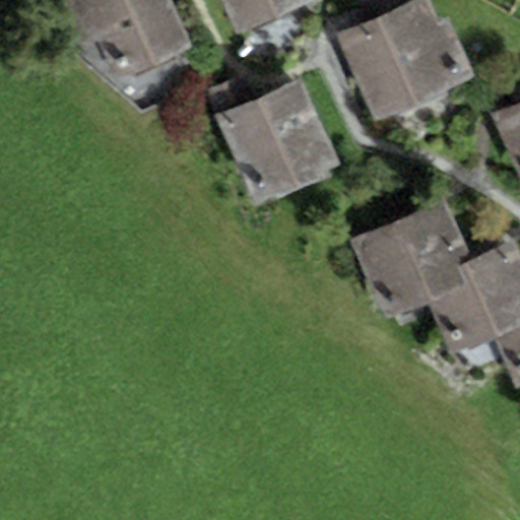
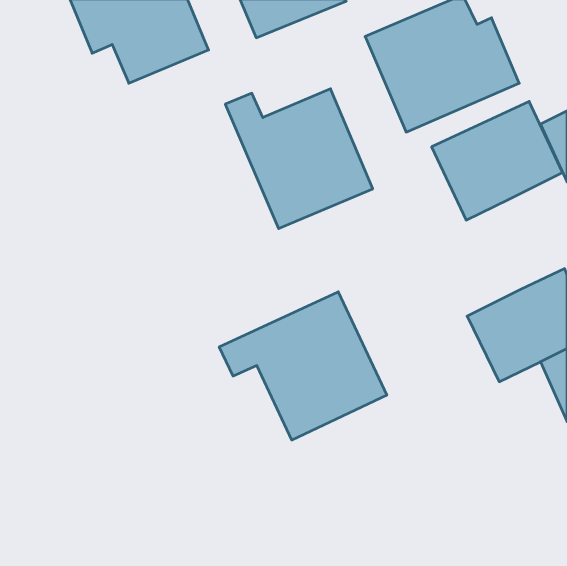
building: [356,200,476,309] -> [432,101,563,220]
building: none -> [219,292,387,440]

